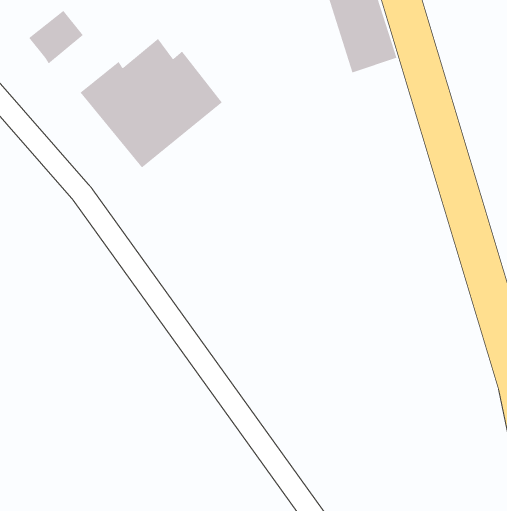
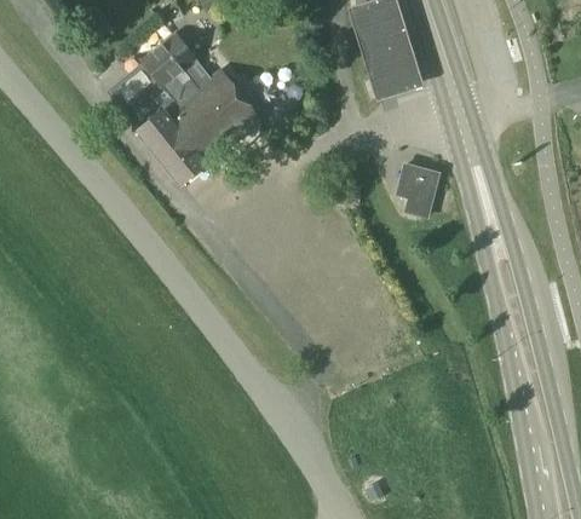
building: [28,10,84,64] -> [140,36,194,88]
building: none -> [396,162,438,215]

